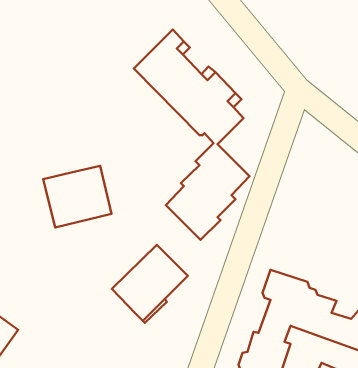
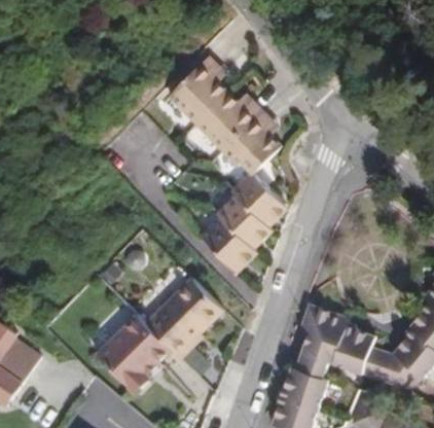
building: [43,166,111,228] -> none
building: none -> [97,317,169,392]

